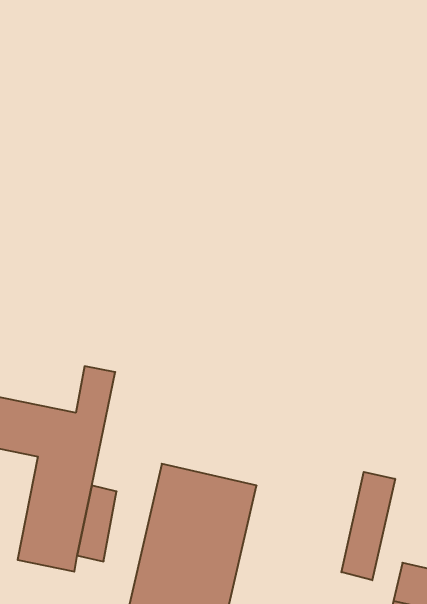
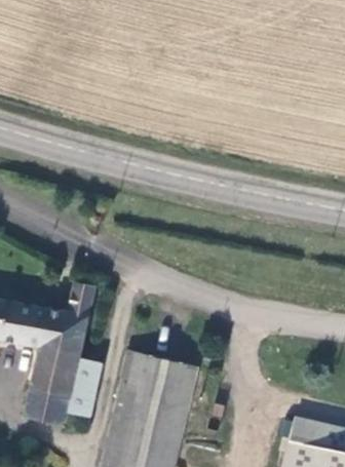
building: [341,472,395,580] -> none

